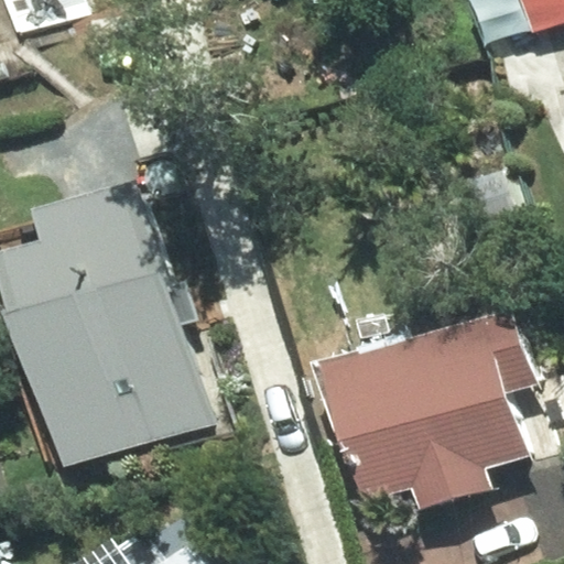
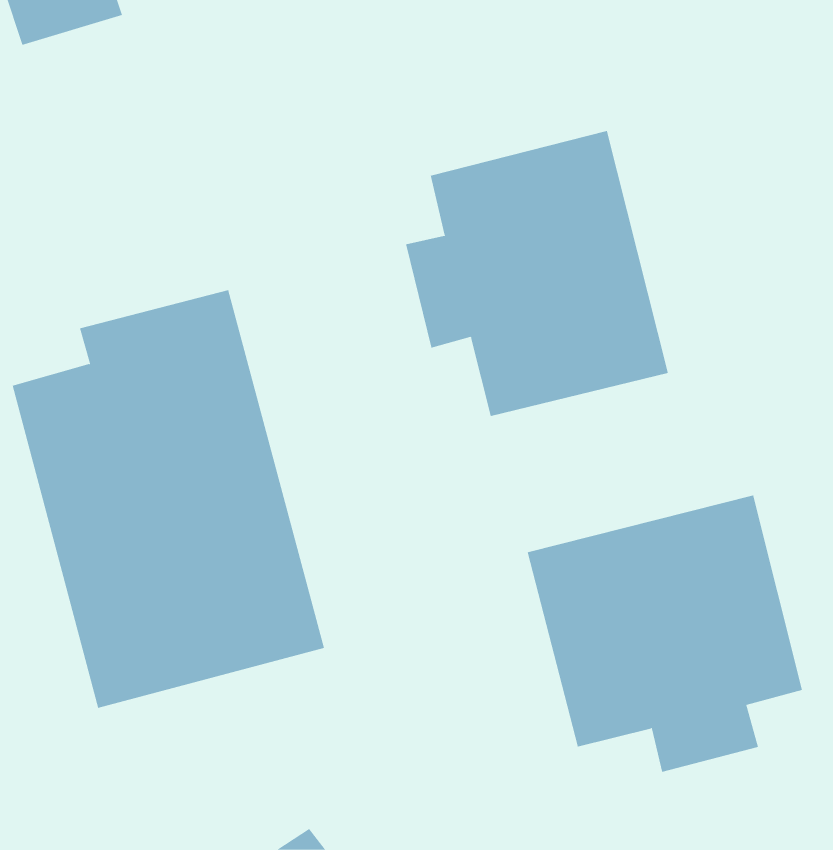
building: none -> [405,130,668,417]

